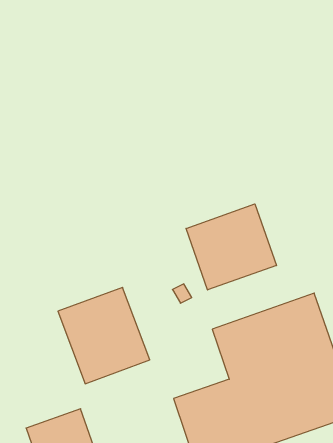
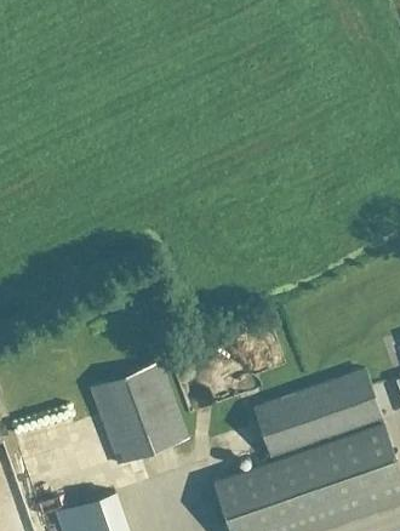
building: [186,204,276,290] -> none

